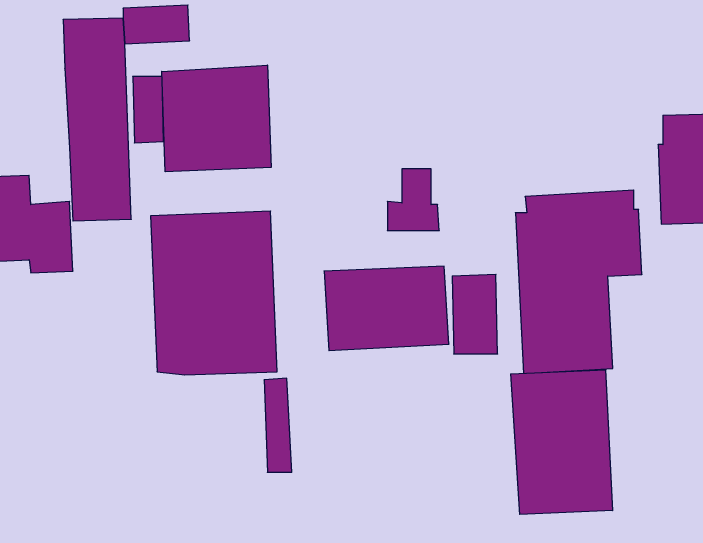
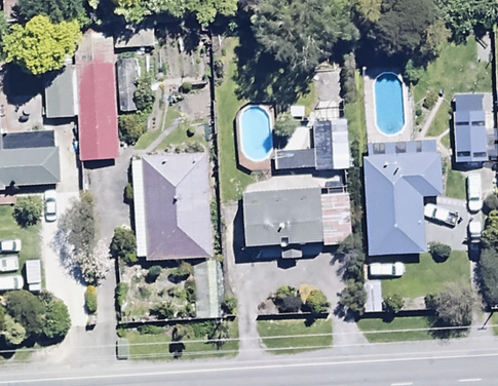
building: [162,65,271,172] -> none
building: none -> [43,64,79,116]
building: none -> [312,118,351,168]
building: [511,370,613,514] -> none

